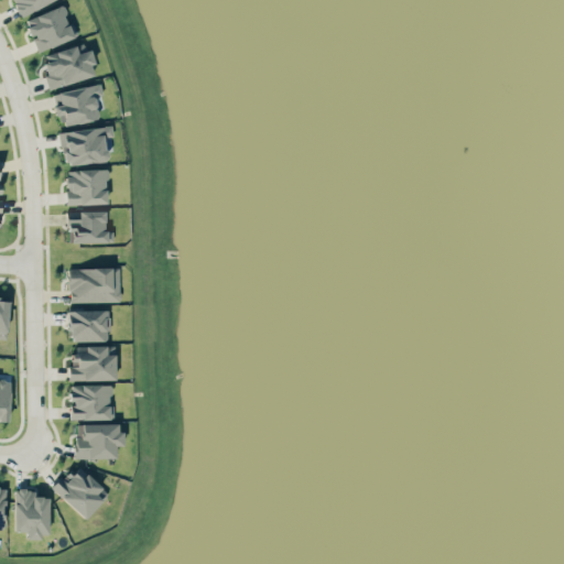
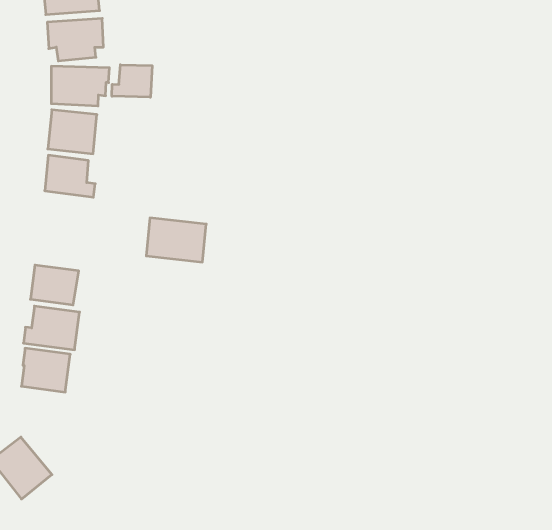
building: none -> [112,65,152,97]
building: [69,268,121,303] -> [146,218,206,262]
building: [76,424,122,459] -> none

